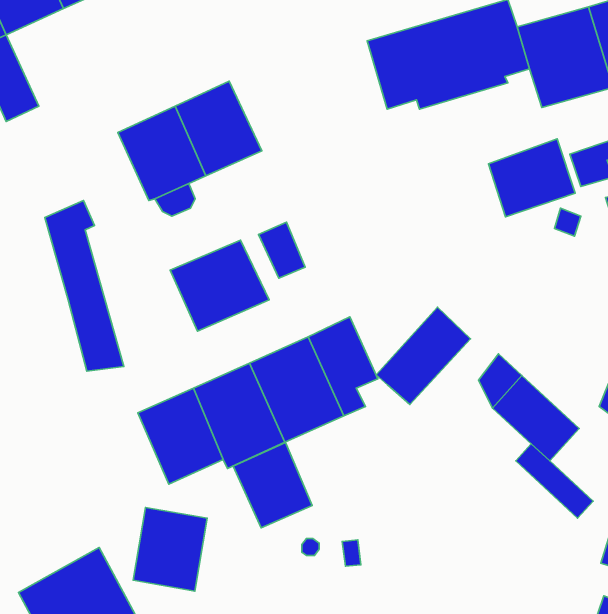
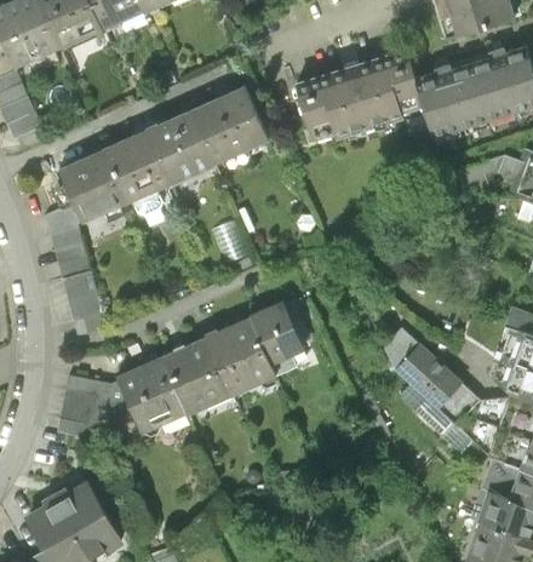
building: none -> [189,87,270,167]
building: none -> [59,153,126,225]
building: [488,139,575,217] -> none
building: [170,240,269,331] -> none
building: [376,307,471,405] -> none
building: [233,443,312,528] -> none
building: [133,507,207,591] -> [58,377,116,442]

